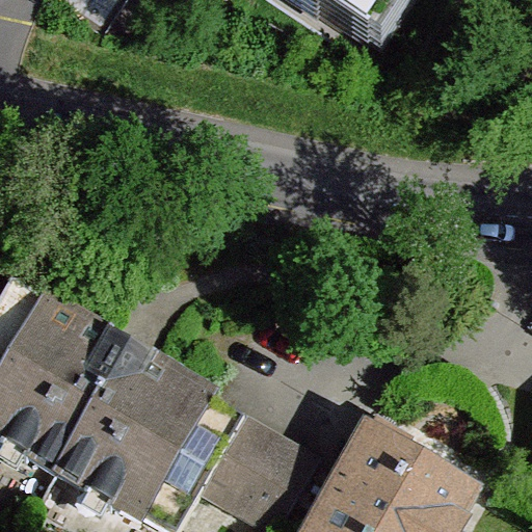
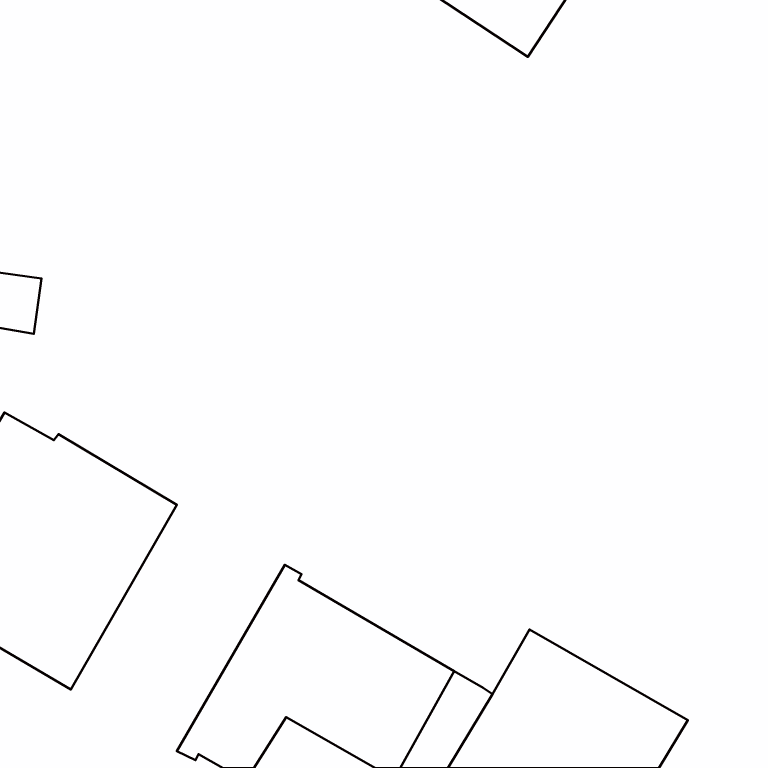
building: [48,341,192,507] -> none

